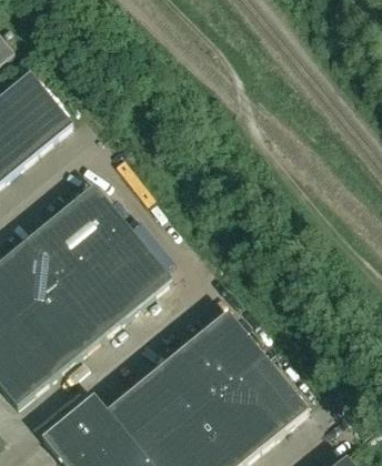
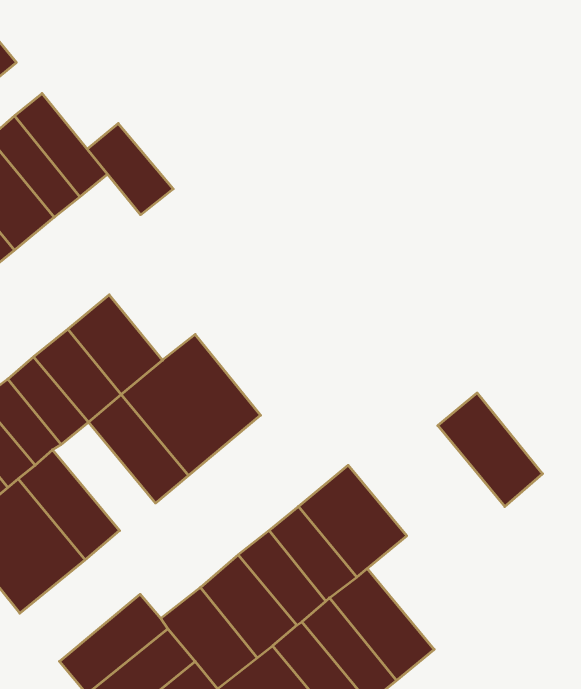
building: [73,184,129,243] -> [87,123,173,215]
building: [37,283,103,353] -> none
building: [240,356,308,429] -> [438,393,543,507]

